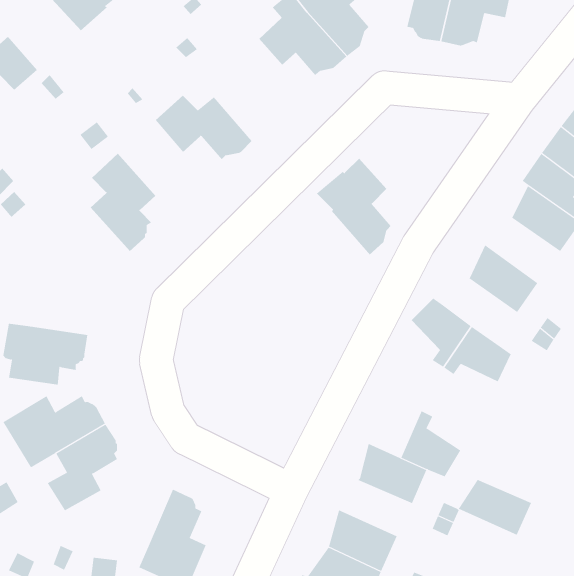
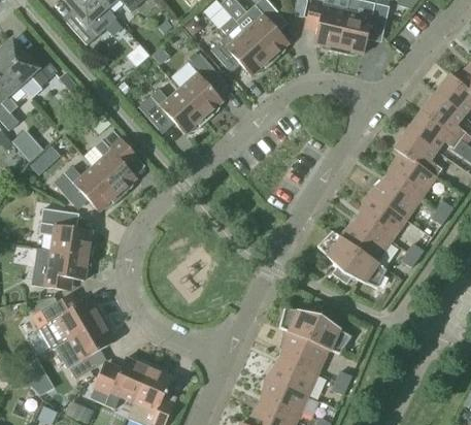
building: [316,158,392,256] -> [169,53,222,121]
building: none -> [54,166,121,210]
building: none -> [368,174,420,220]
building: none -> [39,208,94,256]
building: none -> [339,217,391,262]
building: none -> [278,304,324,341]
building: [458,479,532,535] -> [266,357,317,396]
building: none -> [89,357,150,408]

